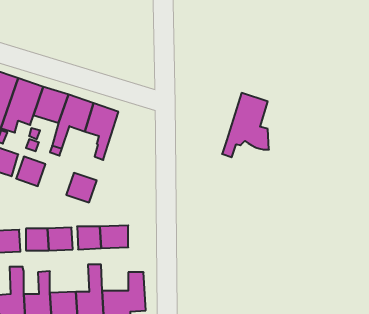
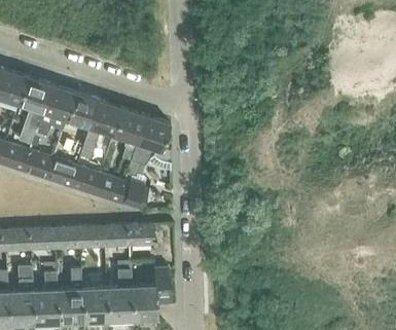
building: [222,93,269,157] -> [127,117,171,178]
building: none -> [69,167,98,194]
building: none -> [117,182,148,211]

